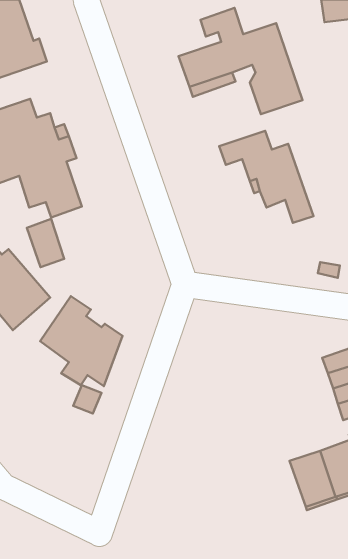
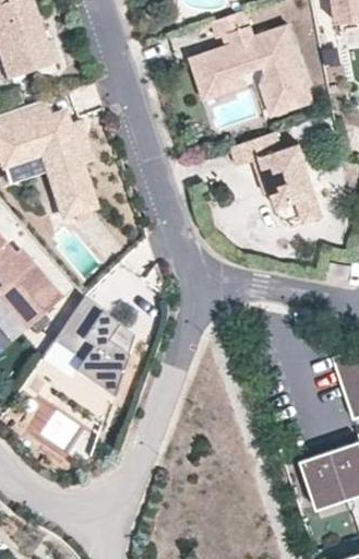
building: [27,219,64,267] -> none

